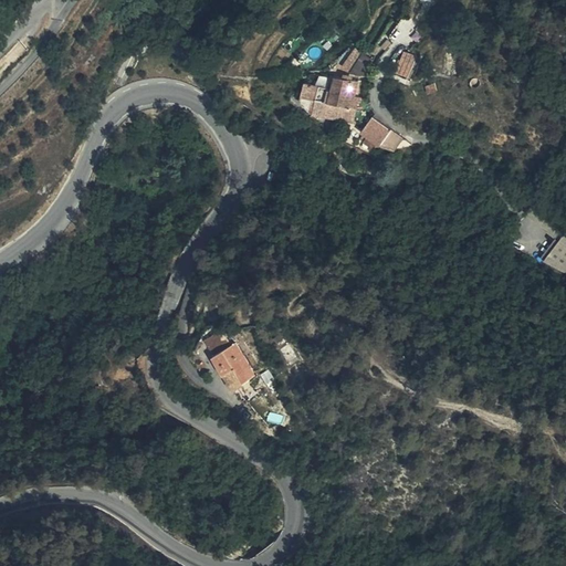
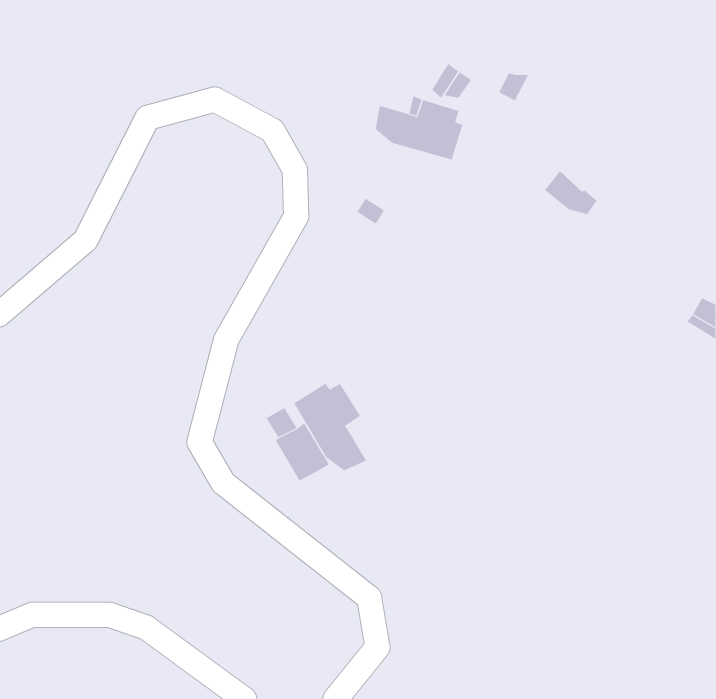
building: [357,117,399,153] -> [544,170,598,215]
building: none -> [294,383,367,471]

